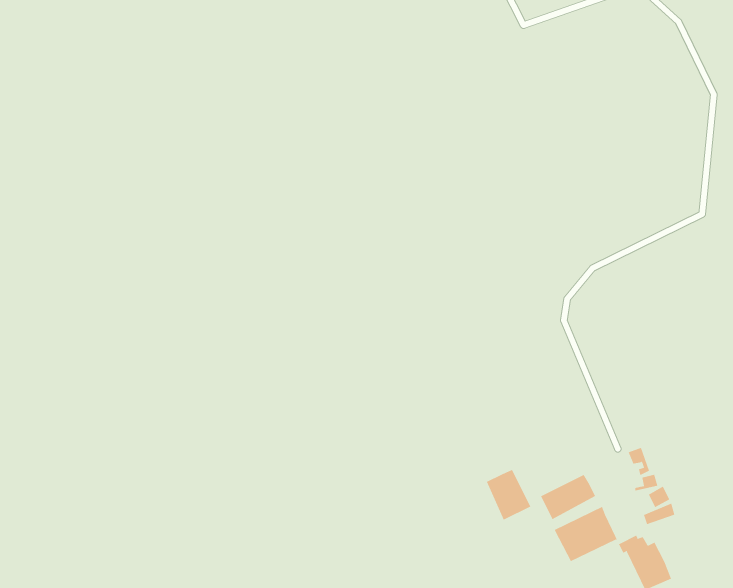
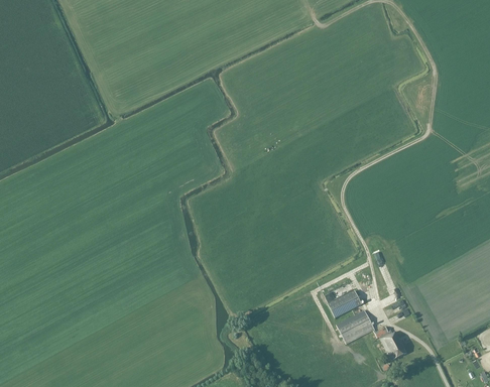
building: [486,469,531,521] -> none

